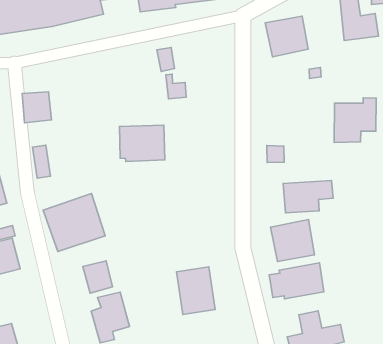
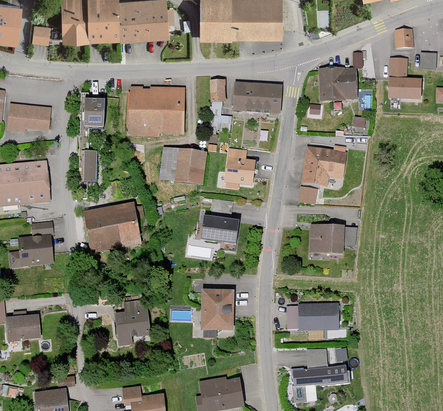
building: none -> [234,82,282,116]
building: none -> [132,84,188,136]
building: [334,98,376,143] -> [303,144,349,185]
building: none -> [225,147,256,188]
building: none -> [203,214,241,243]
building: [271,219,315,261] -> none
building: [83,261,113,293] -> none

